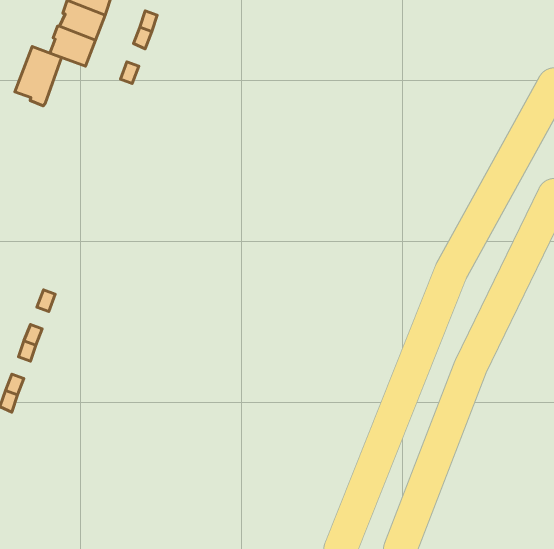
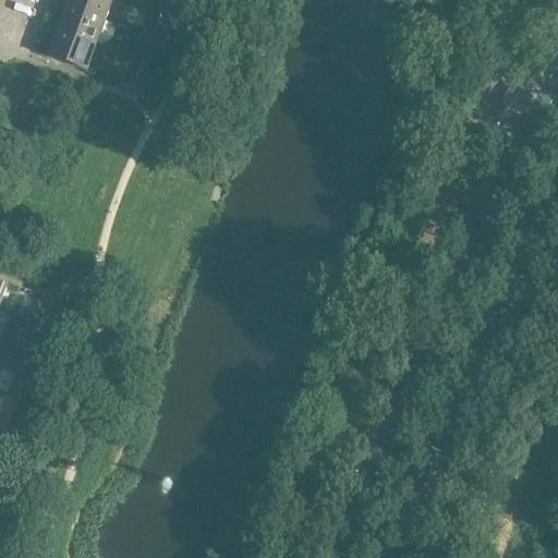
building: [15,47,62,106] -> none

